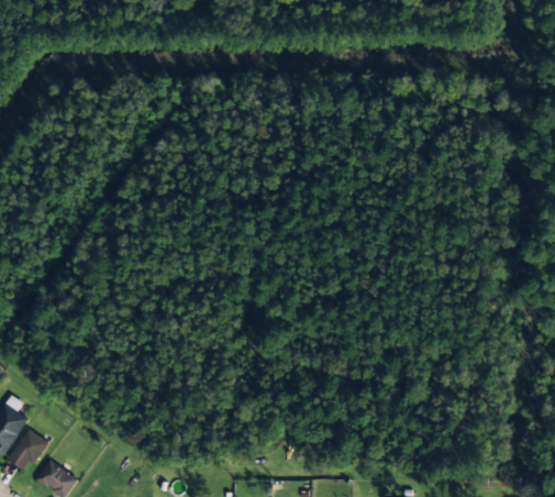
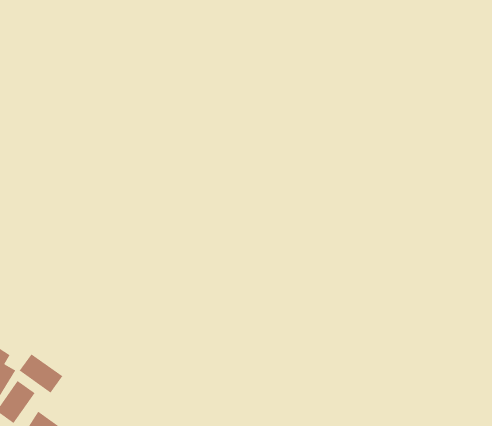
building: none -> [19,353,63,393]

